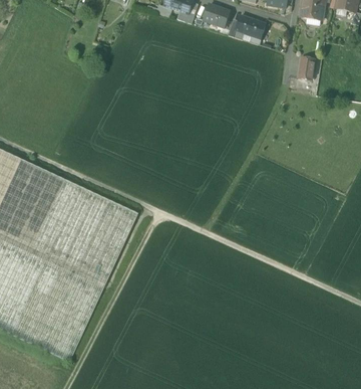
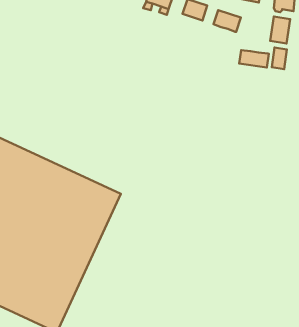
building: none -> [270,17,290,44]
building: none -> [239,50,269,67]

